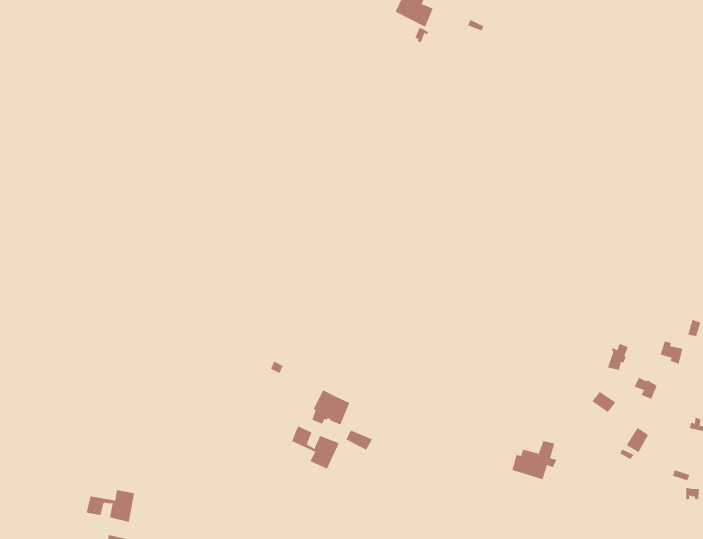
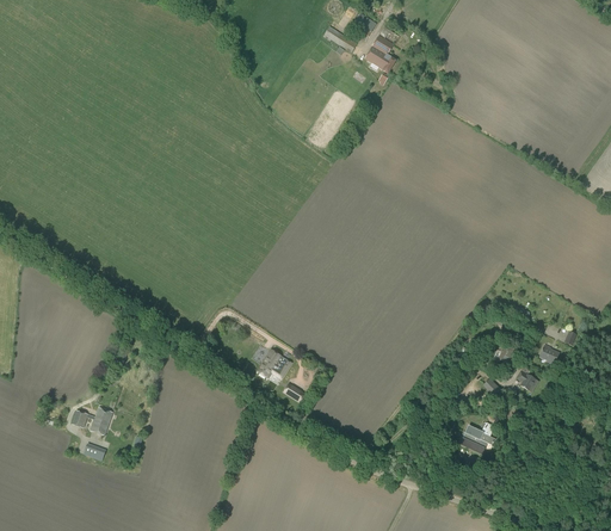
building: [291,425,340,469] -> none
building: [512,441,557,480] -> [457,421,494,452]

